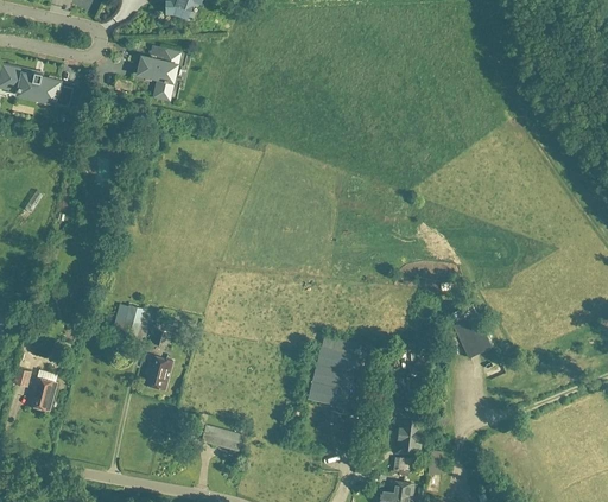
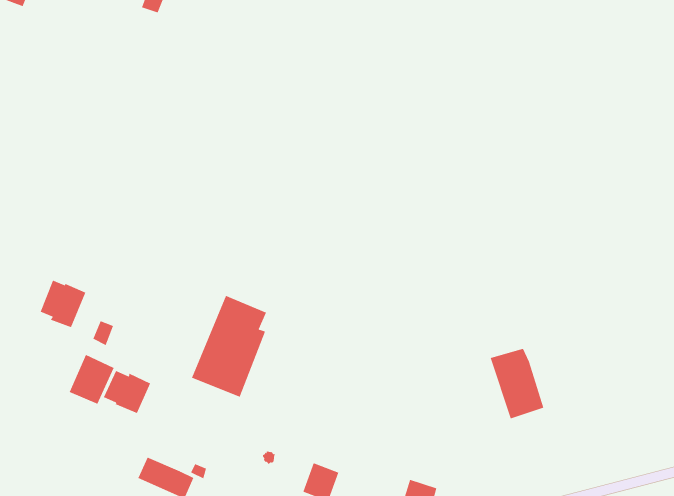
building: [306,333,356,407] -> [191,295,267,398]
building: none -> [103,370,151,414]

